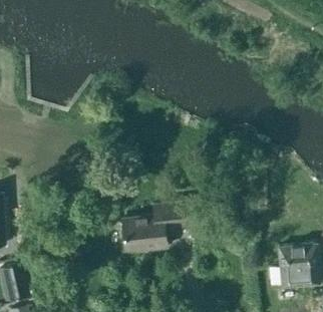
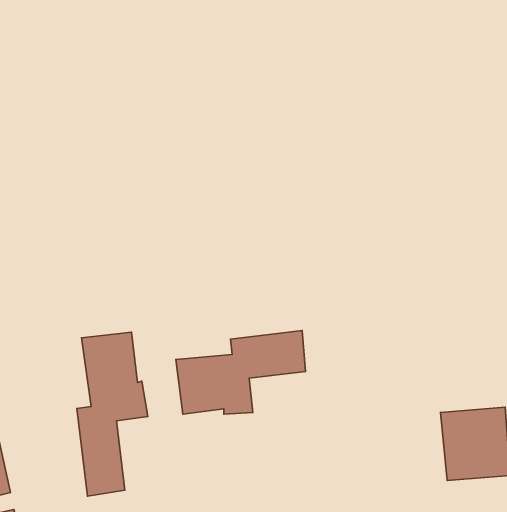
building: none -> [77,332,148,496]

